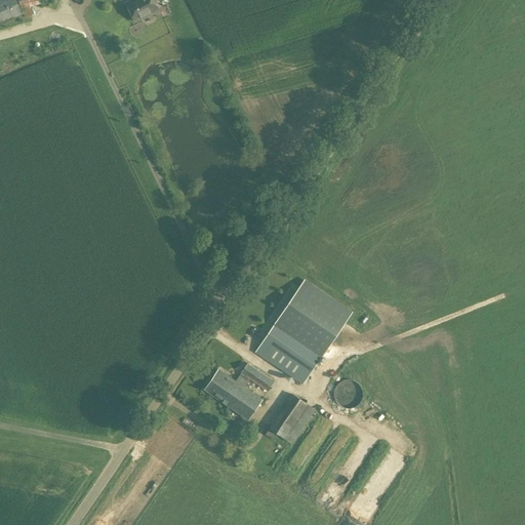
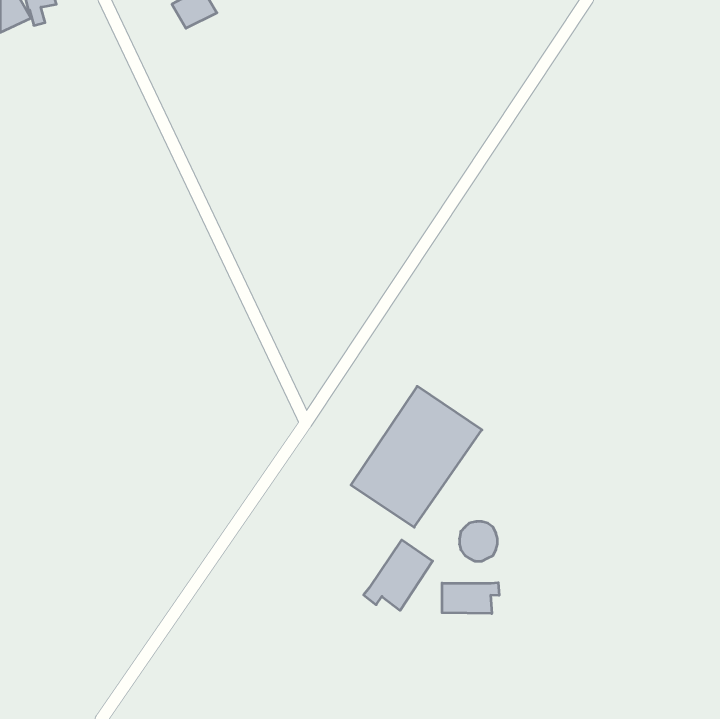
building: [204,362,275,420] -> none
building: none -> [442,583,499,614]

